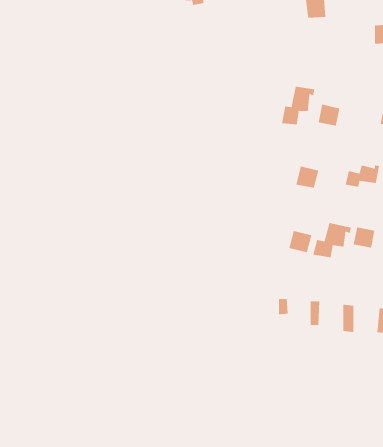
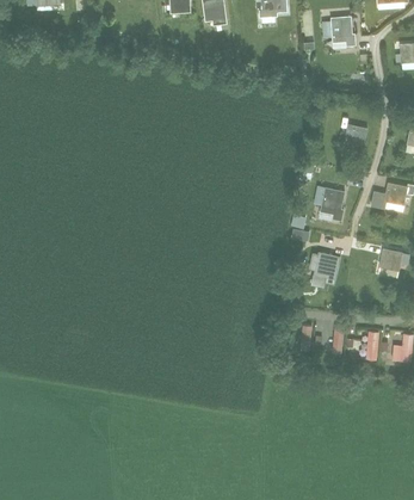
building: [282,86,315,125] -> none
building: [313,222,351,258] -> none

